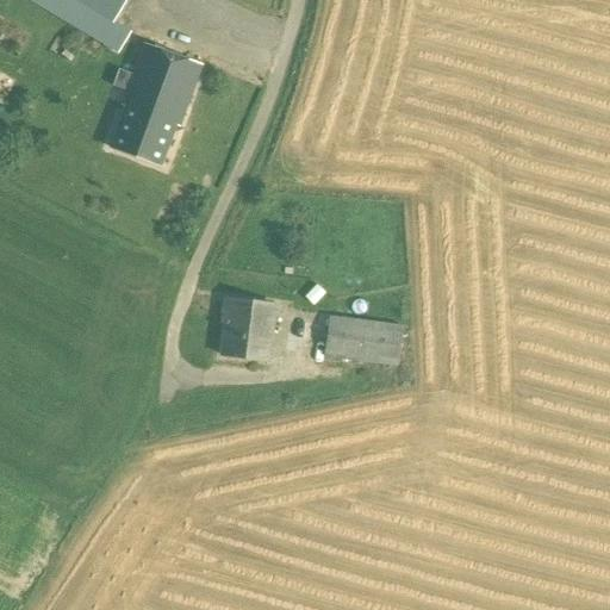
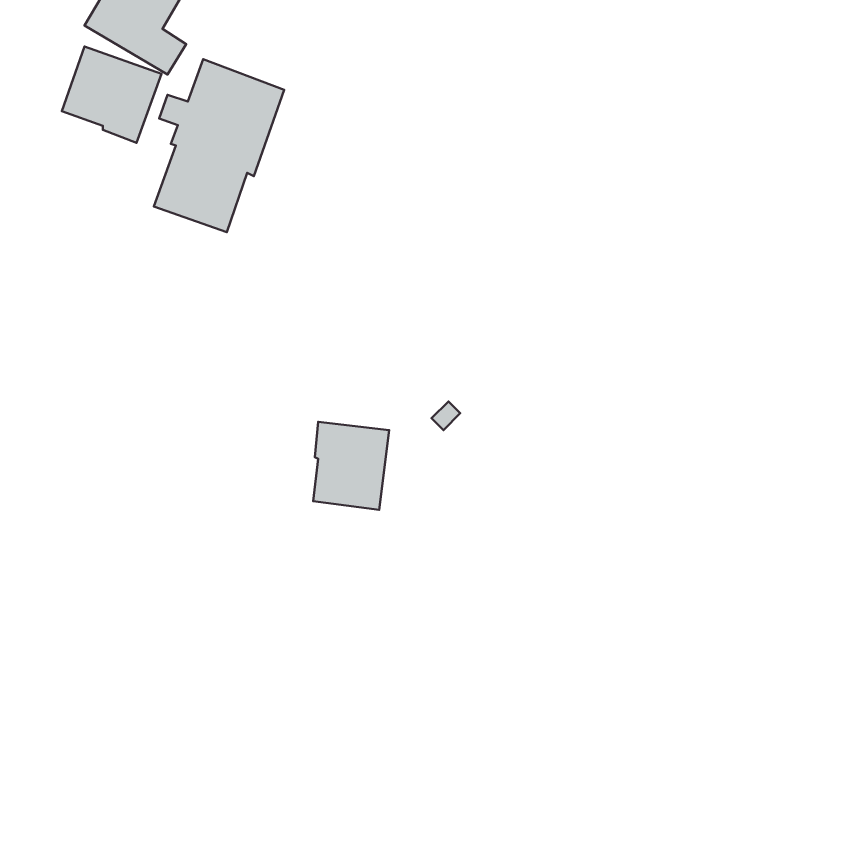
building: none -> [62,47,162,143]
building: [324,315,403,365] -> none

